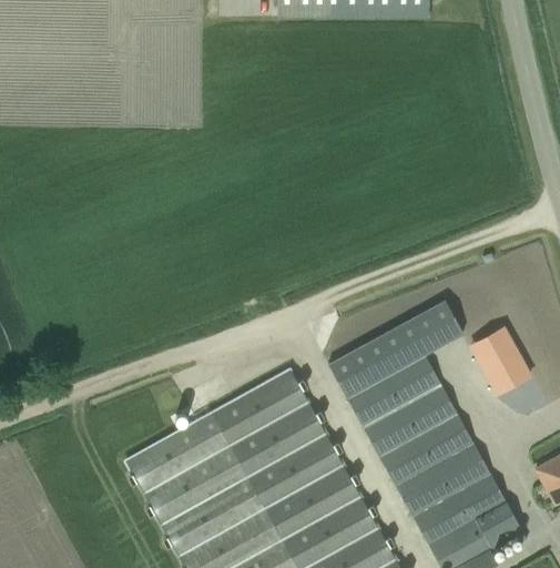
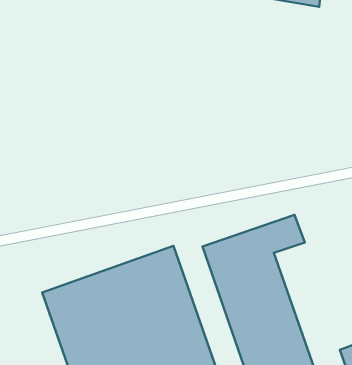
building: [476,327,529,394] -> none

